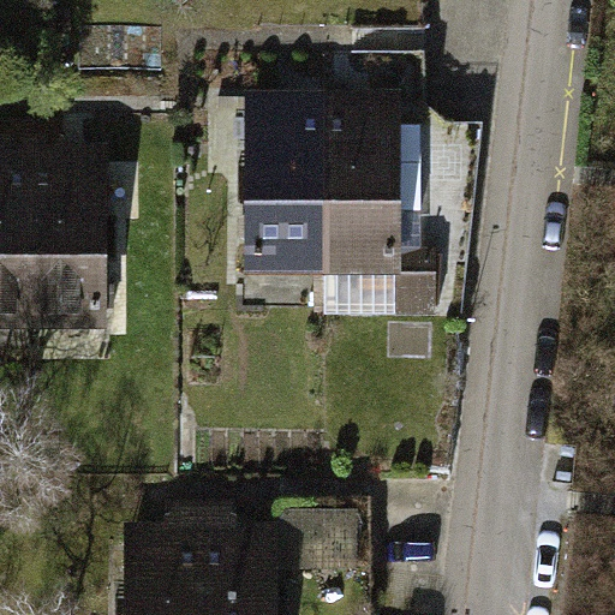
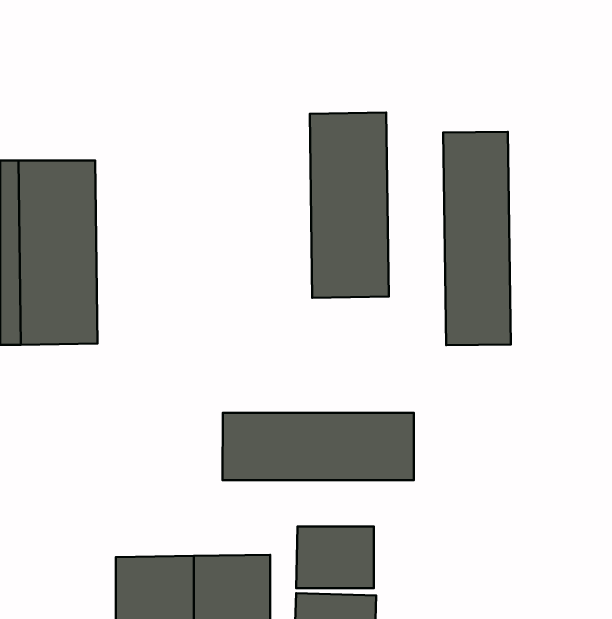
building: [244,123,322,303] -> none
building: none -> [443,132,511,345]
building: none -> [223,413,414,480]

